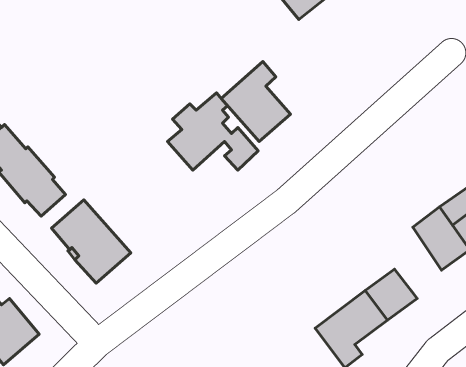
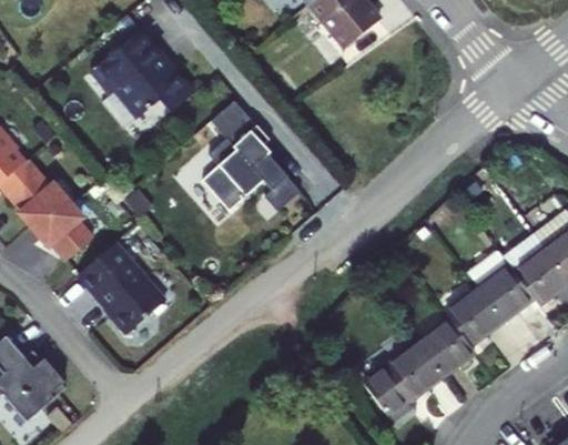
building: none -> [90,31,193,118]
building: [221,62,291,142] -> none
building: none -> [213,101,257,145]
building: none -> [446,287,503,343]

